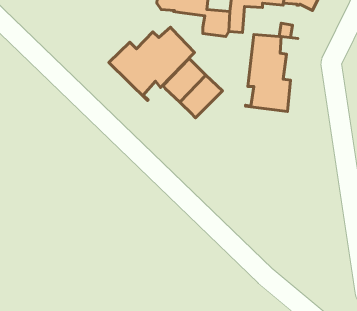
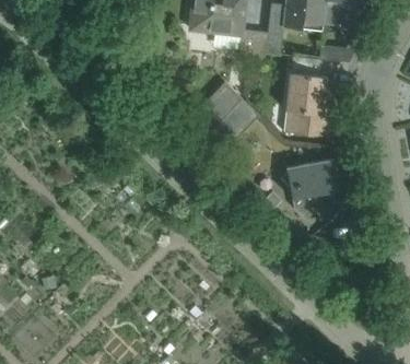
building: [109,27,195,100] -> none
building: none -> [282,158,343,223]

